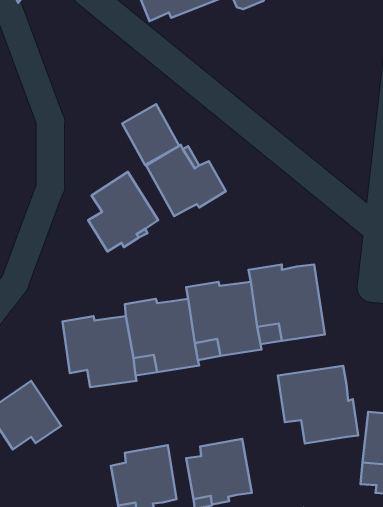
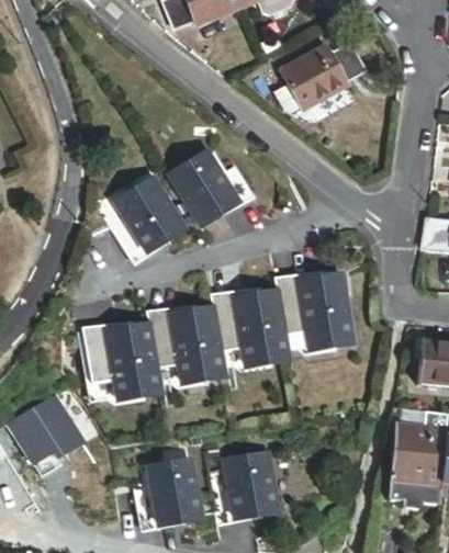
building: none -> [276,43,363,111]
building: [122,104,179,165] -> none
building: [278,366,358,443] -> none

